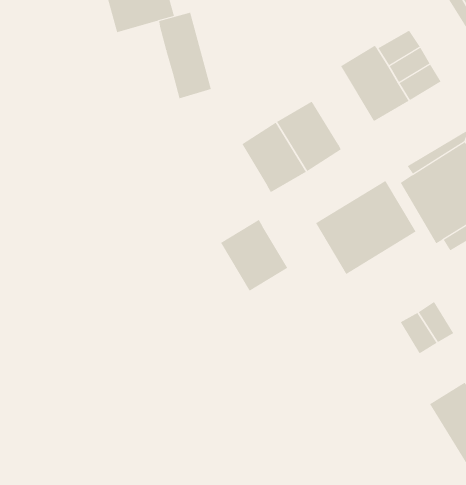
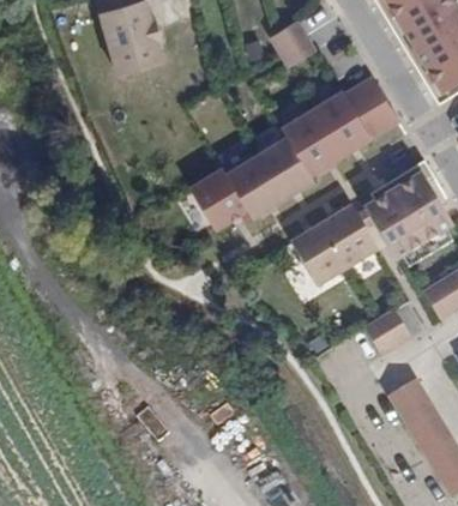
building: [159,12,212,99] -> none
building: none -> [281,107,341,174]
building: [220,219,288,292] -> [189,168,248,230]

